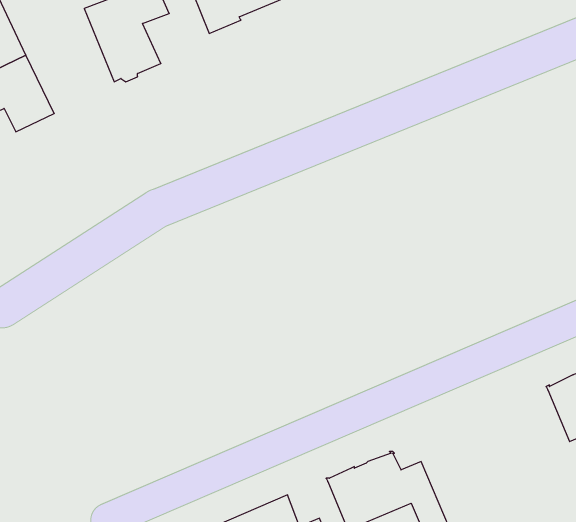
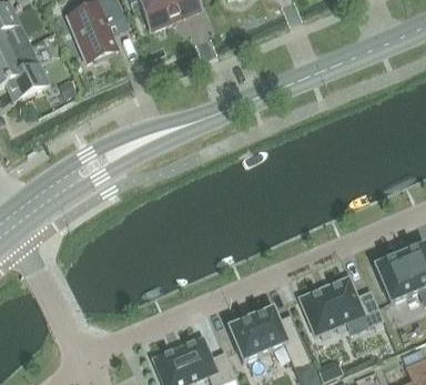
building: none -> [298,276,382,334]

